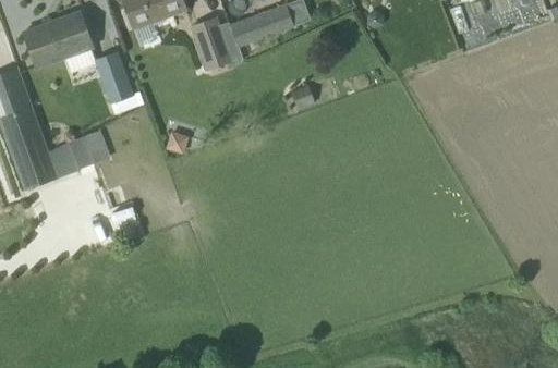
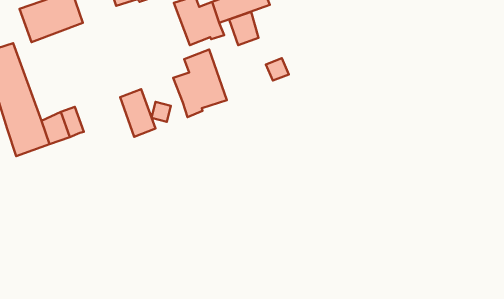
building: none -> [229,12,259,45]
building: [96,51,134,102] -> [120,89,155,137]
building: none -> [173,49,227,117]

